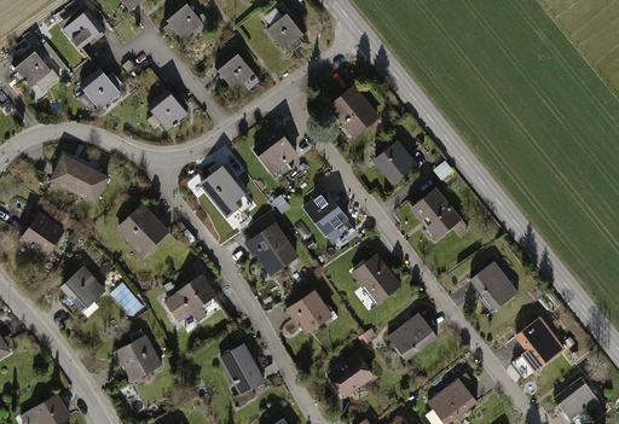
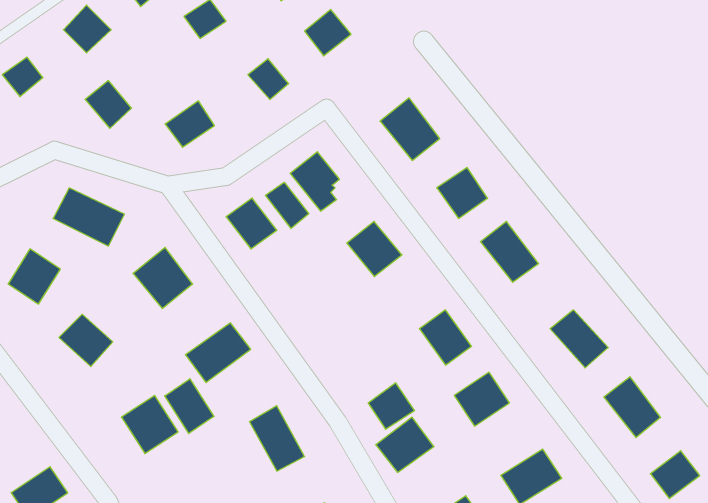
building: none -> [265,182,309,229]
building: [248,226,296,274] -> none
building: [290,295,329,333] -> [368,383,415,429]
building: none -> [165,379,214,434]

